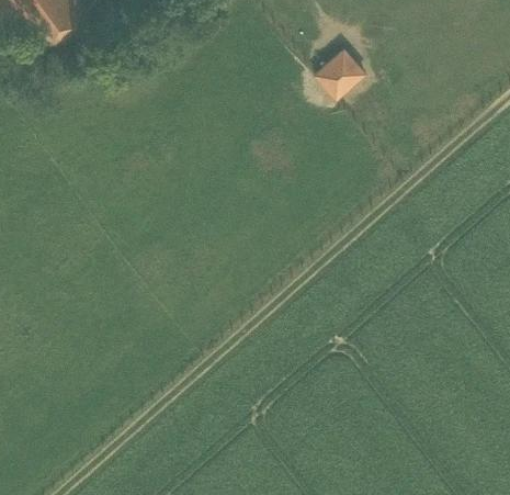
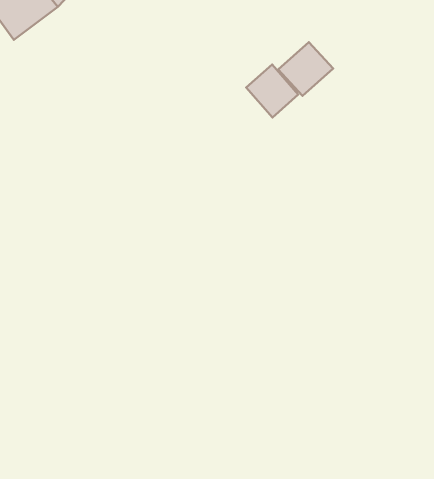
building: none -> [246,65,298,117]

